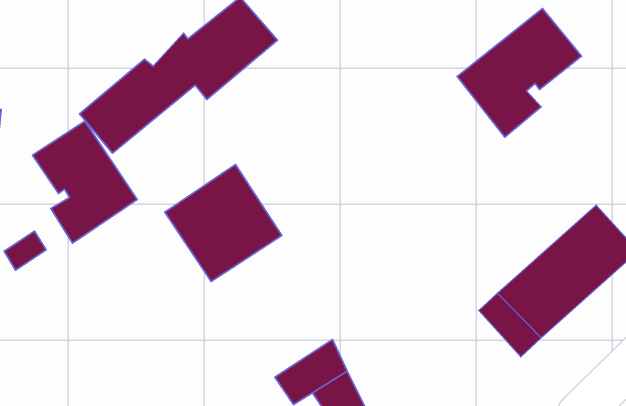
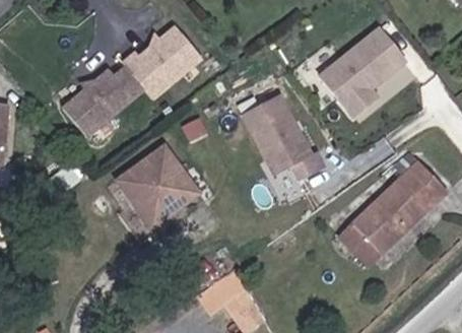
building: none -> [244,93,325,180]
building: [33,121,137,243] -> none

